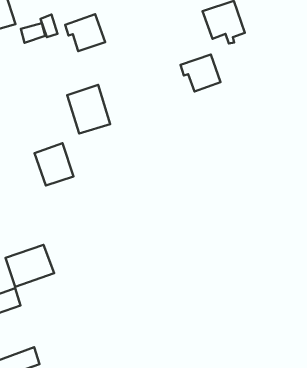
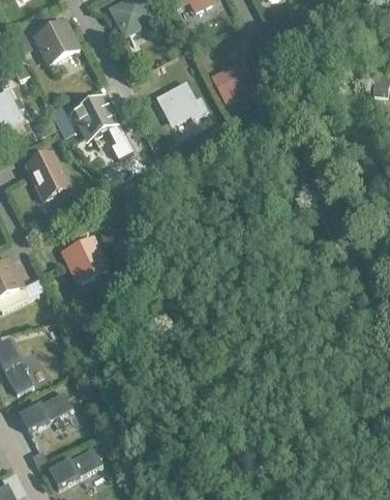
building: [181,54,220,91] -> [155,83,199,123]
building: [67,85,110,134] -> [24,149,72,202]
building: [6,245,54,287] -> none

